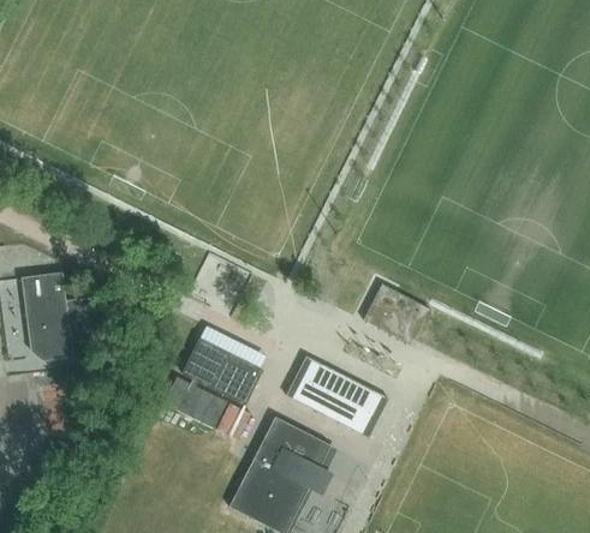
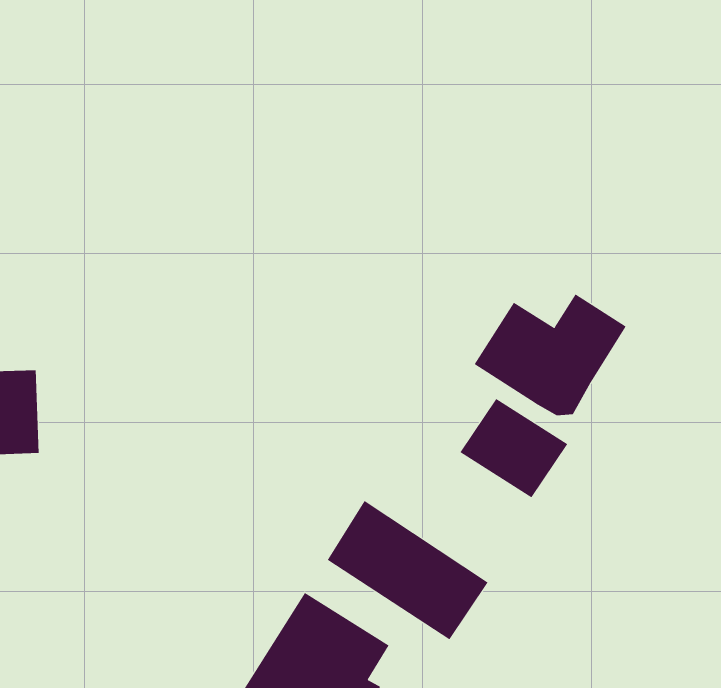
building: none -> [474,294,626,416]
building: [163,339,262,429] -> none

